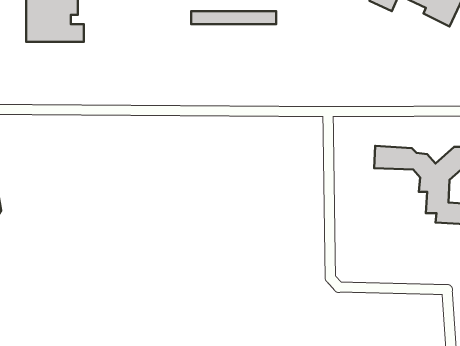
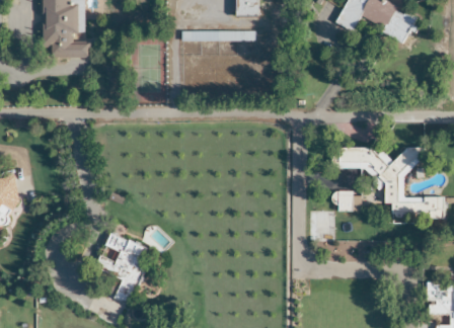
building: none -> [336,191,361,210]
building: none -> [96,233,147,302]

